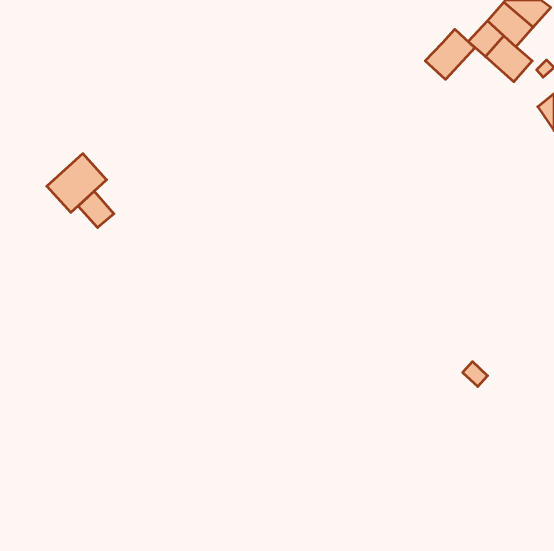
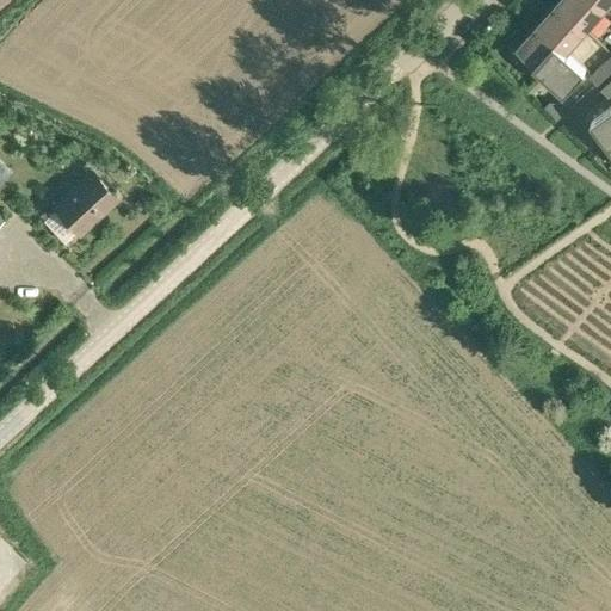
building: [425,29,475,79] -> none
building: [78,191,114,228] -> none

